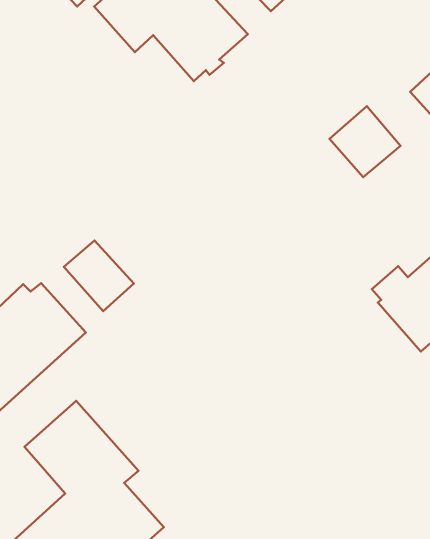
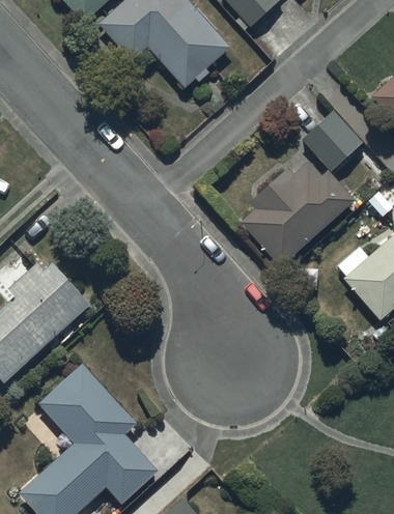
building: none -> [241,162,355,266]
building: [64,240,134,311] -> none

